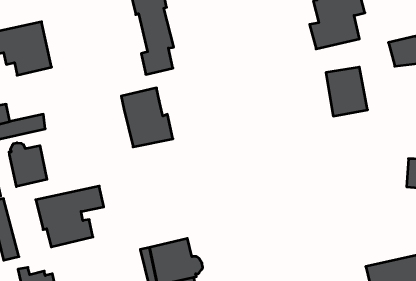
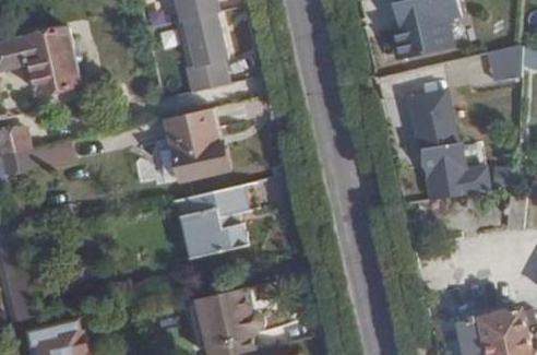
building: none -> [417,135,491,198]
building: [9,143,47,187] -> none
building: [36,186,104,247] -> [171,185,253,258]

